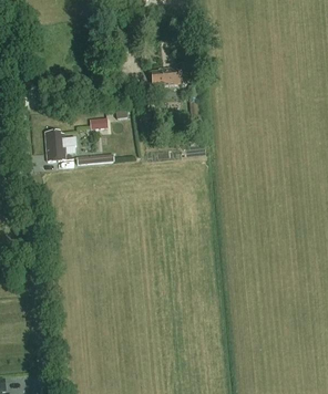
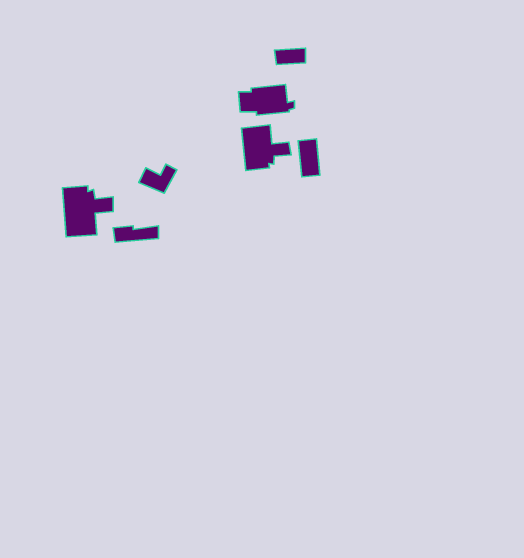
building: none -> [242,125,291,170]

